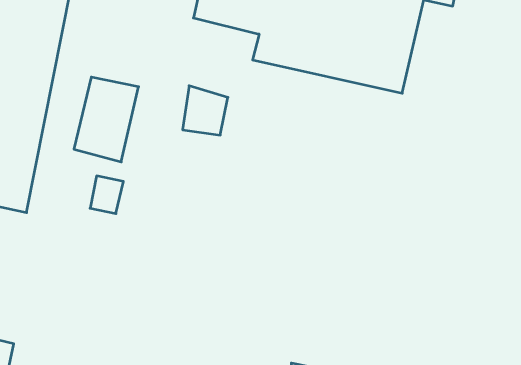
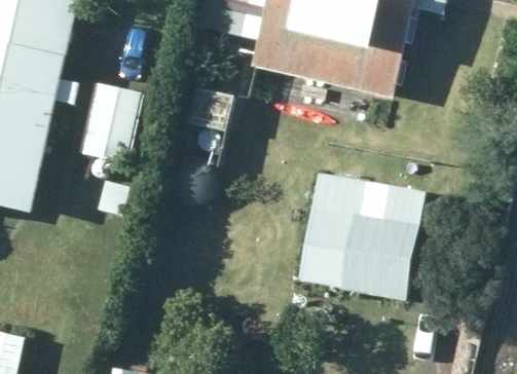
building: none -> [295,174,421,304]

